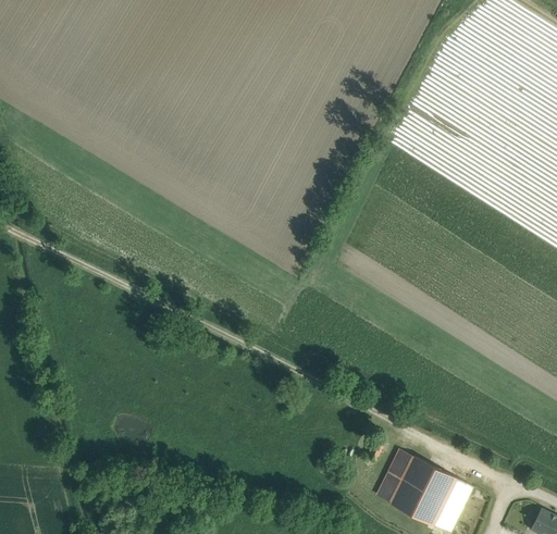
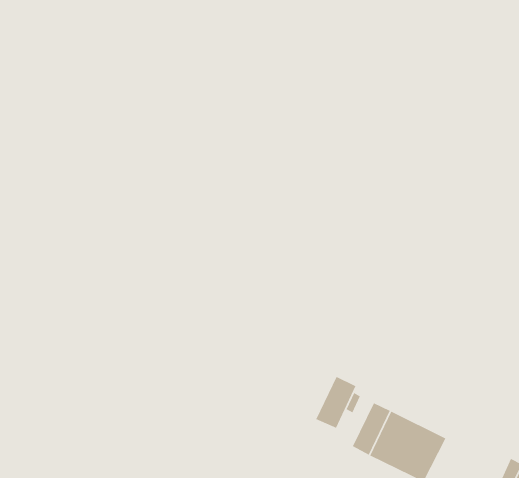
building: none -> [315,376,357,429]

